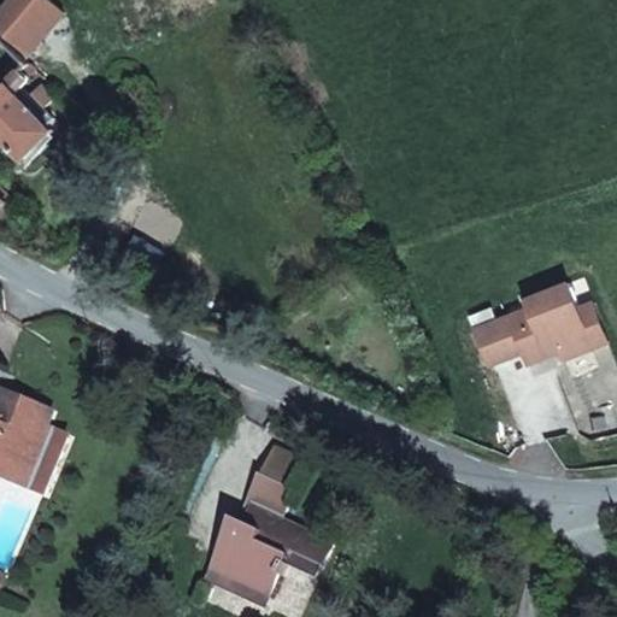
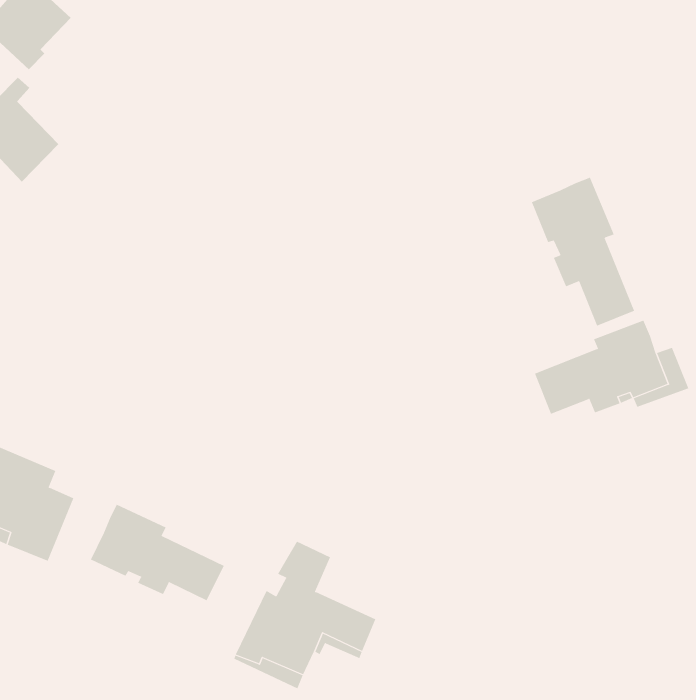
building: none -> [531,177,635,326]
building: none -> [90,504,224,601]

